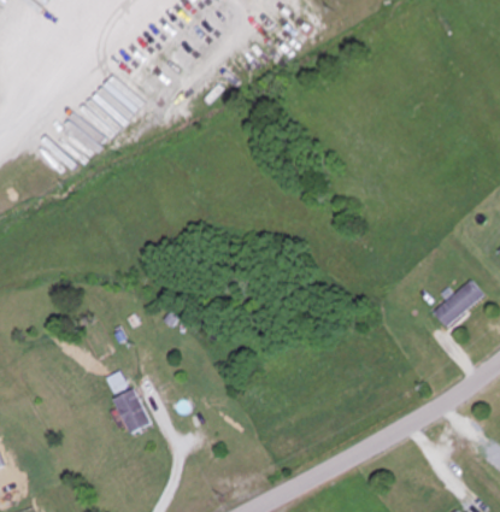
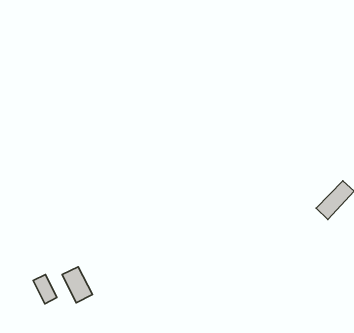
building: none -> [33,275,57,304]

